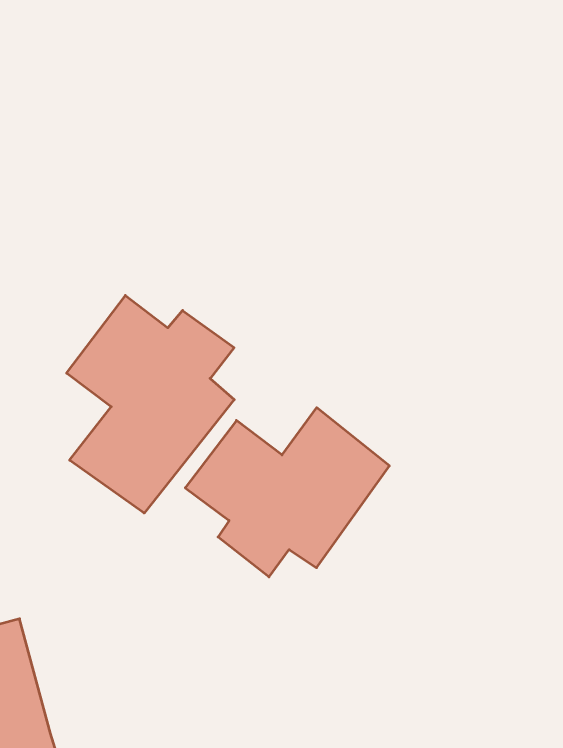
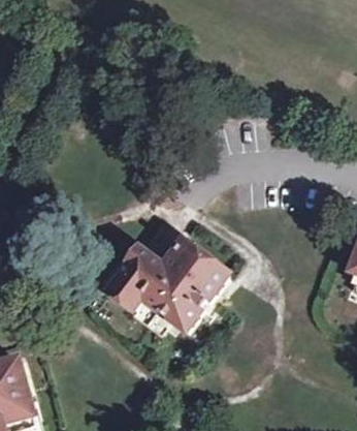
building: [67,295,234,513] -> none

